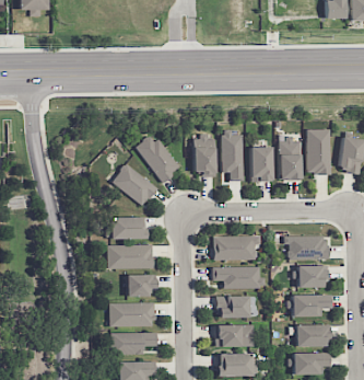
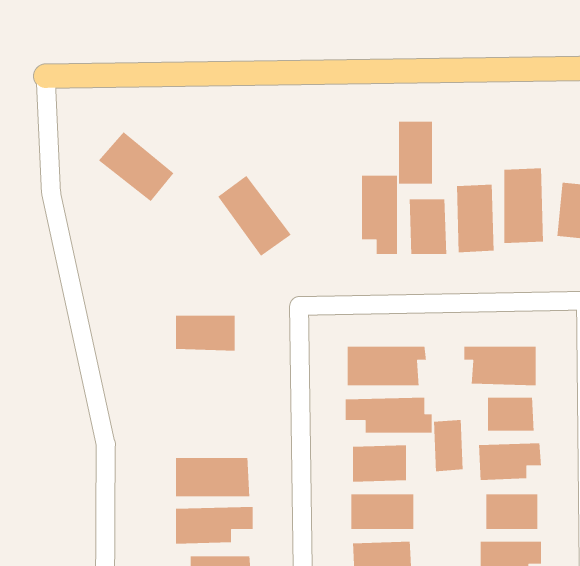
building: [195,136,215,174] -> [398,121,433,185]
building: [111,163,157,206] -> [98,131,174,202]
building: [107,244,153,268] -> none
building: [127,275,156,297] -> none
building: none -> [433,419,463,472]

